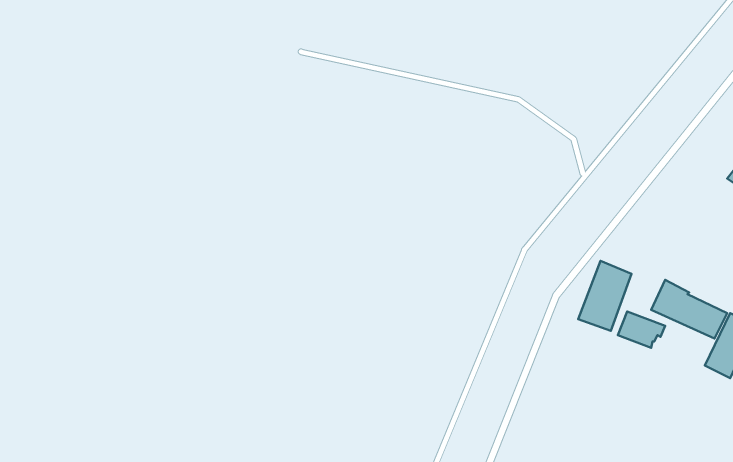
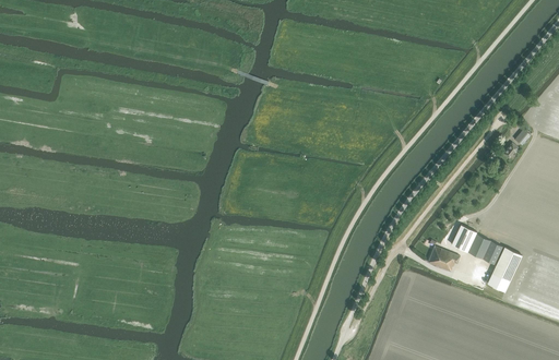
building: [578,261,632,331] -> none

